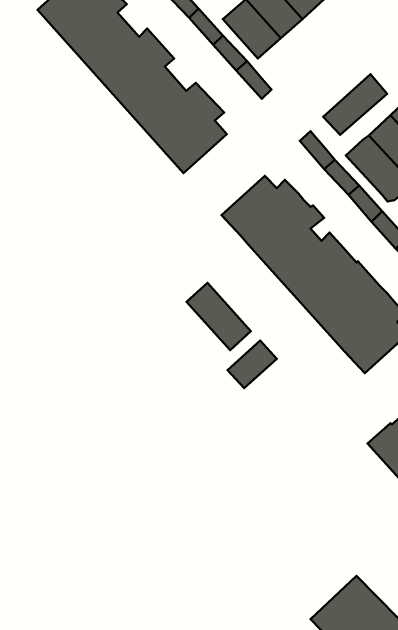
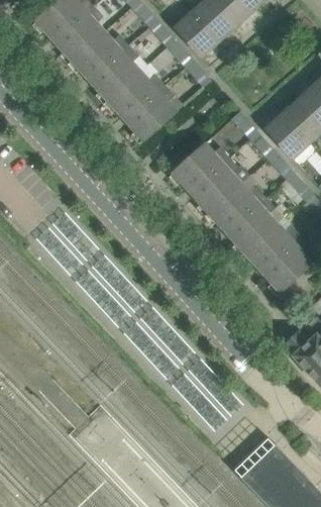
building: [323,74,387,135] -> none
building: [187,283,251,350] -> none
building: [227,341,277,388] -> none

